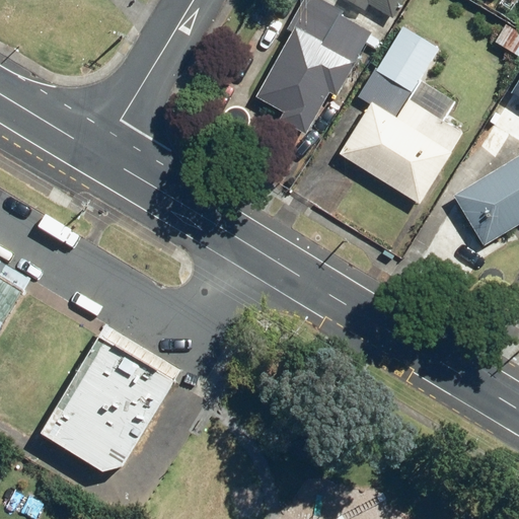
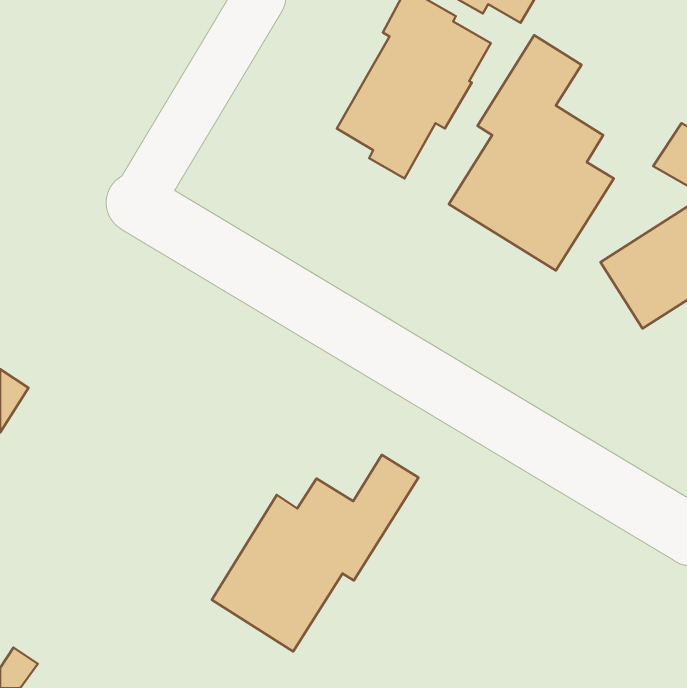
building: [33,333,171,475] -> none
building: none -> [212,455,418,652]

